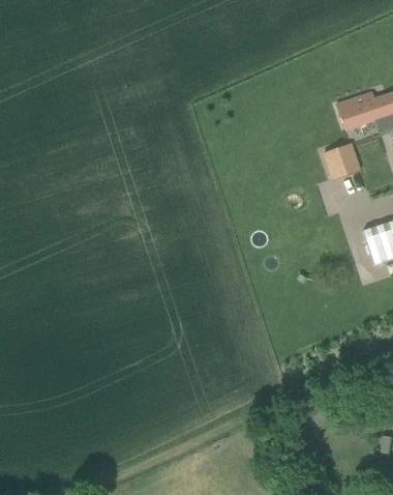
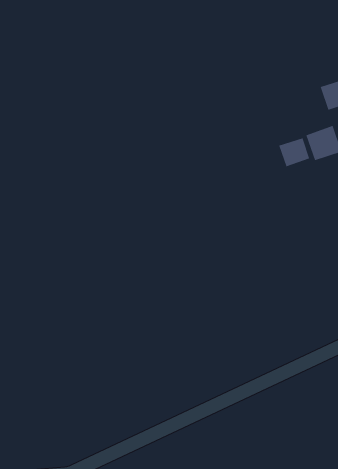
building: none -> [279,138,310,167]

